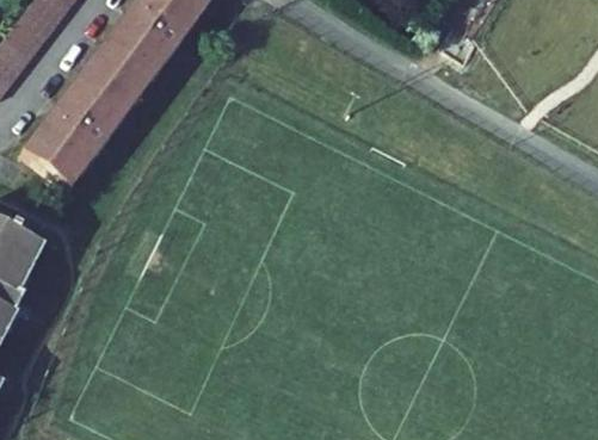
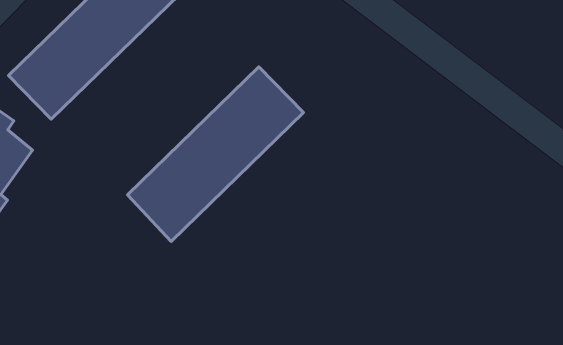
building: none -> [127,67,303,241]

